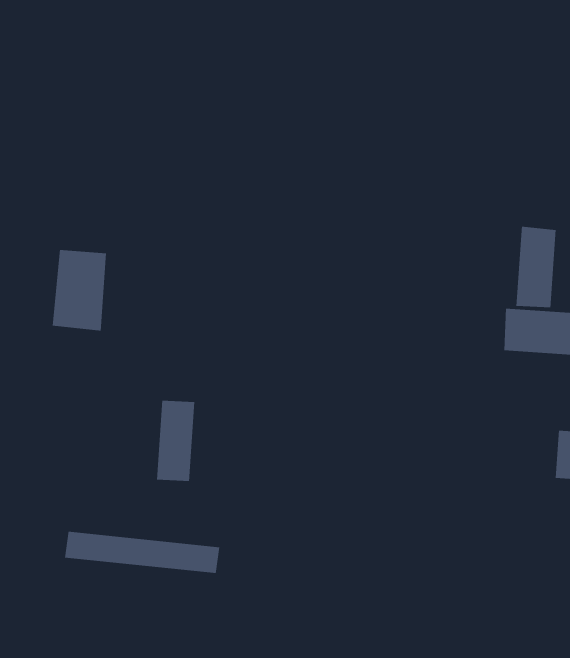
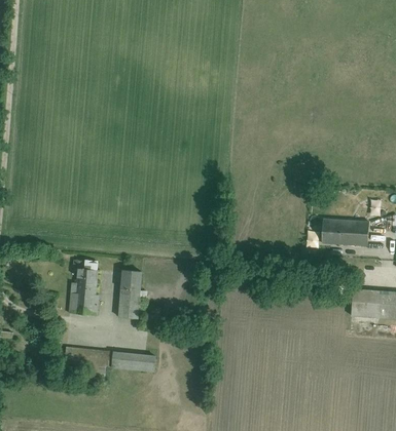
building: [516,226,556,308] -> none
building: [52,250,107,331] -> [68,269,100,316]

